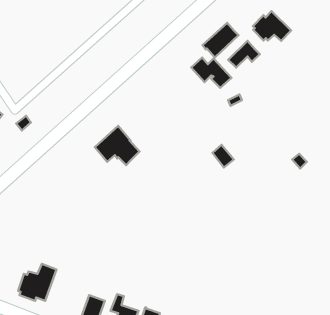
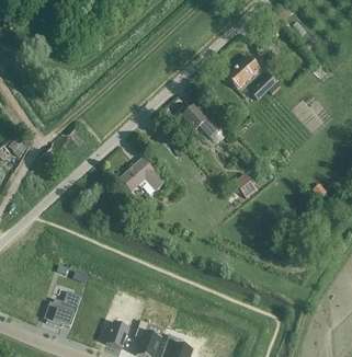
building: [253,11,291,41] -> none
building: [191,58,231,88] -> [181,105,220,135]

